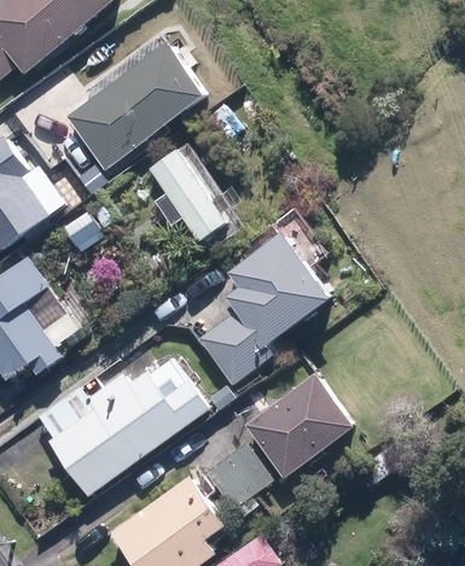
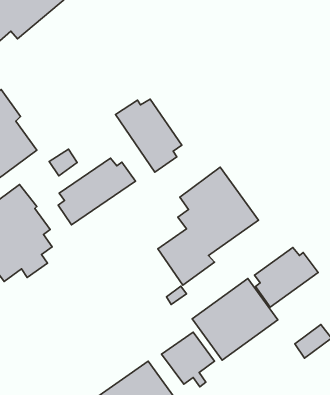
building: [66,47,202,169] -> none
building: none -> [58,158,136,225]
building: none -> [254,247,318,307]
building: [50,372,208,495] -> none

